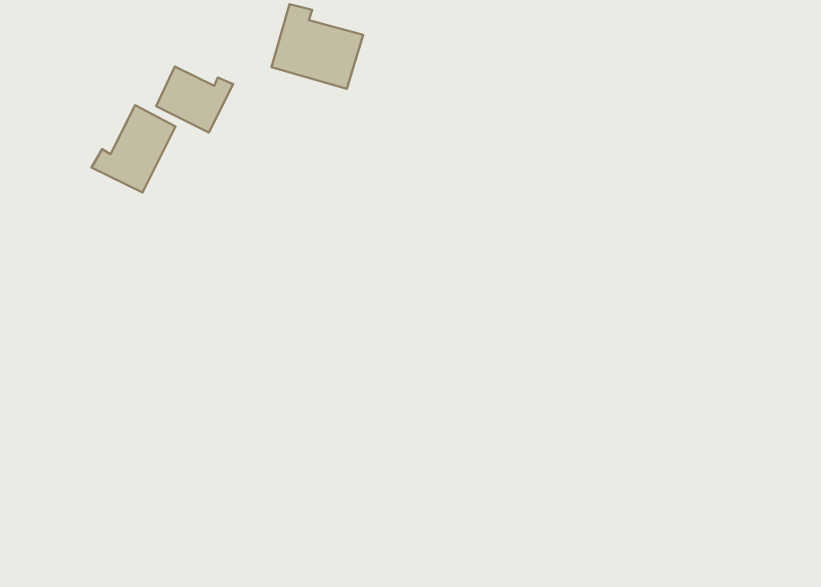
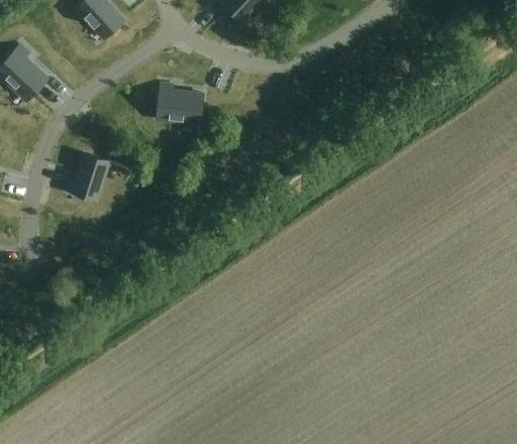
building: [156,67,233,132] -> none

